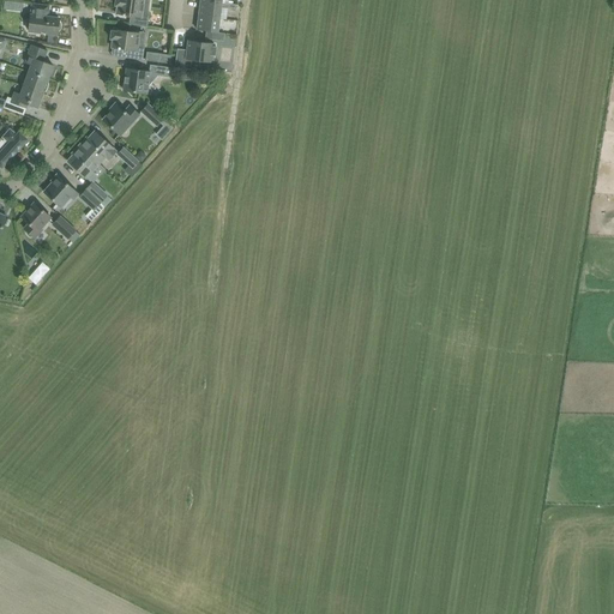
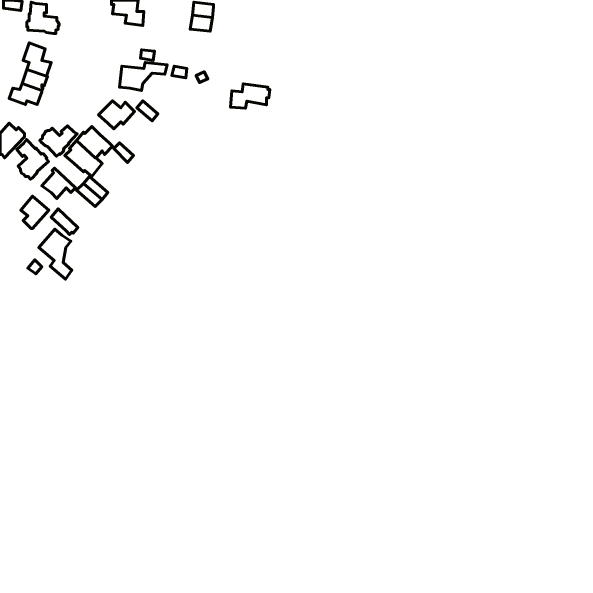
building: [110,29,144,60] -> none
building: [175,41,216,66] -> [231,84,270,108]
building: none -> [40,126,77,156]
building: none -> [17,140,49,179]
building: none -> [39,229,72,279]

